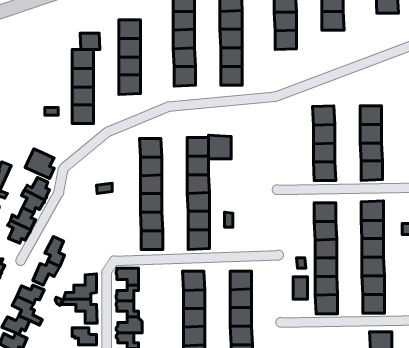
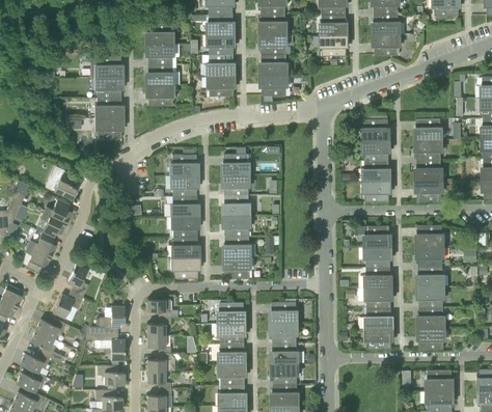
building: none -> [374,34,399,55]
building: [80,33,100,50] -> none
building: [209,135,231,159] -> none
building: [293,277,308,299] -> none

